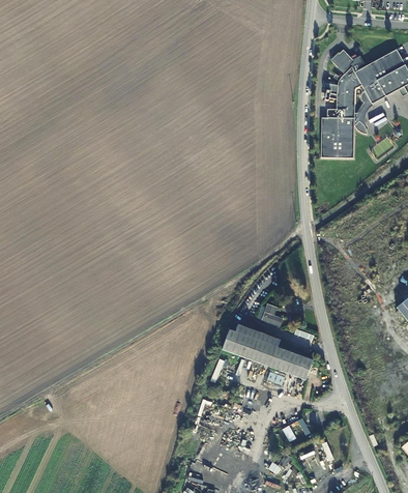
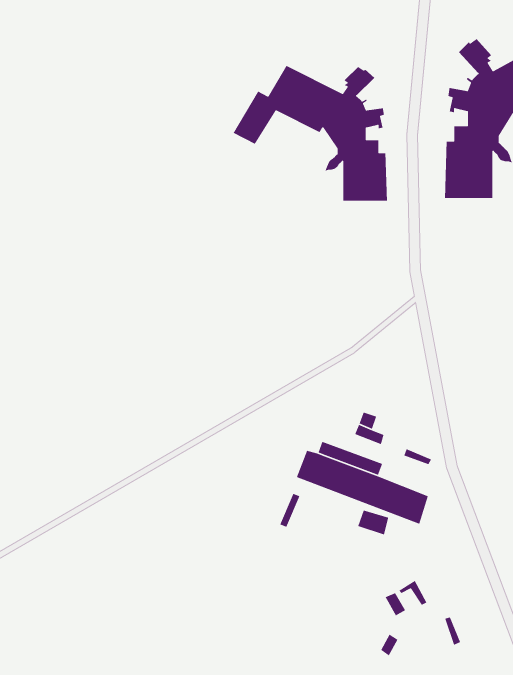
building: none -> [232,65,388,202]

